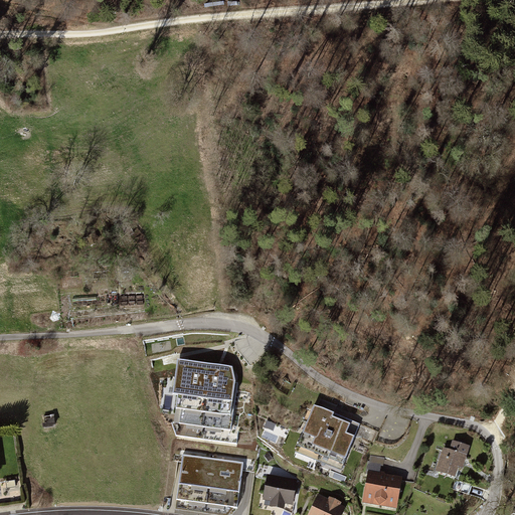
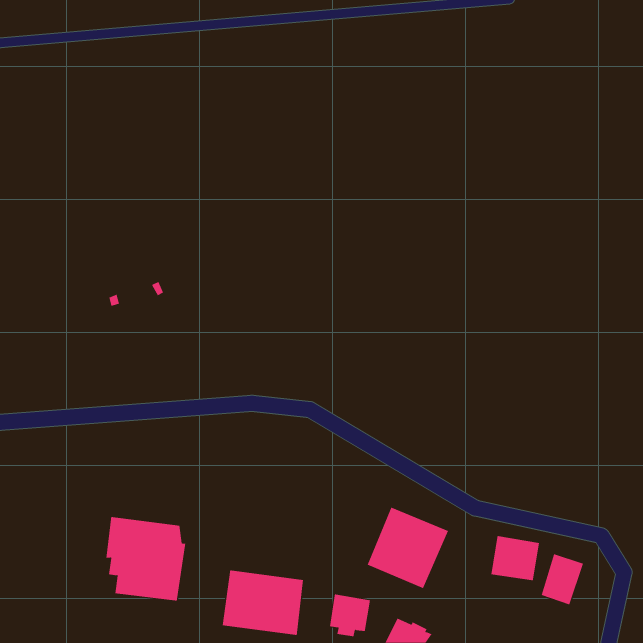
building: [175,360,239,427] -> [106,517,186,601]
building: [361,470,400,506] -> [491,535,540,581]

